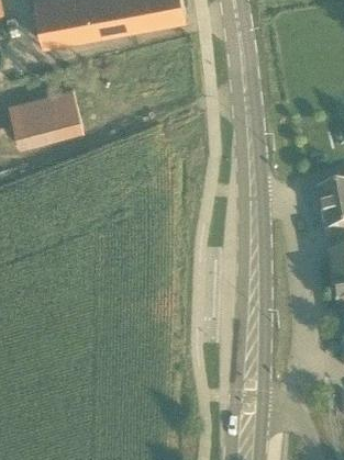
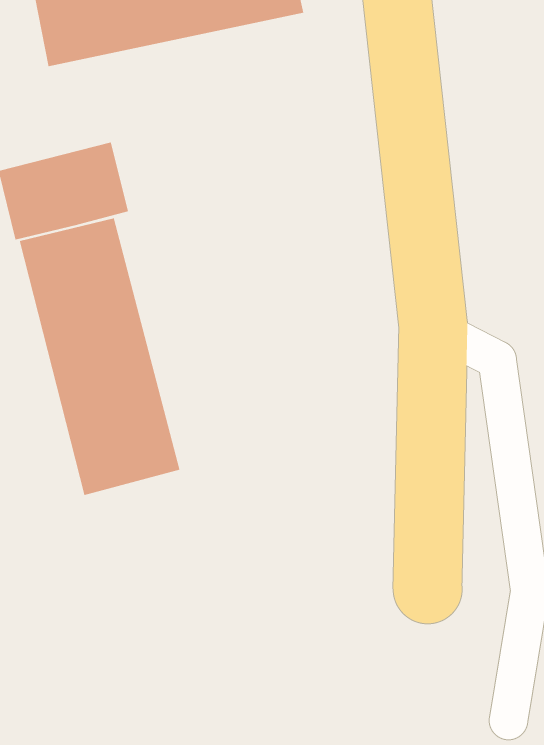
building: none -> [19,218,180,496]

